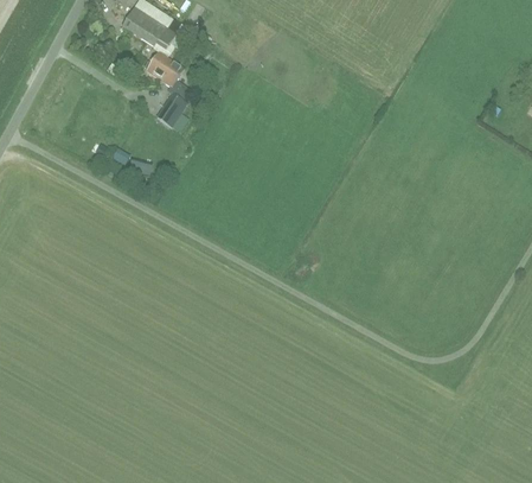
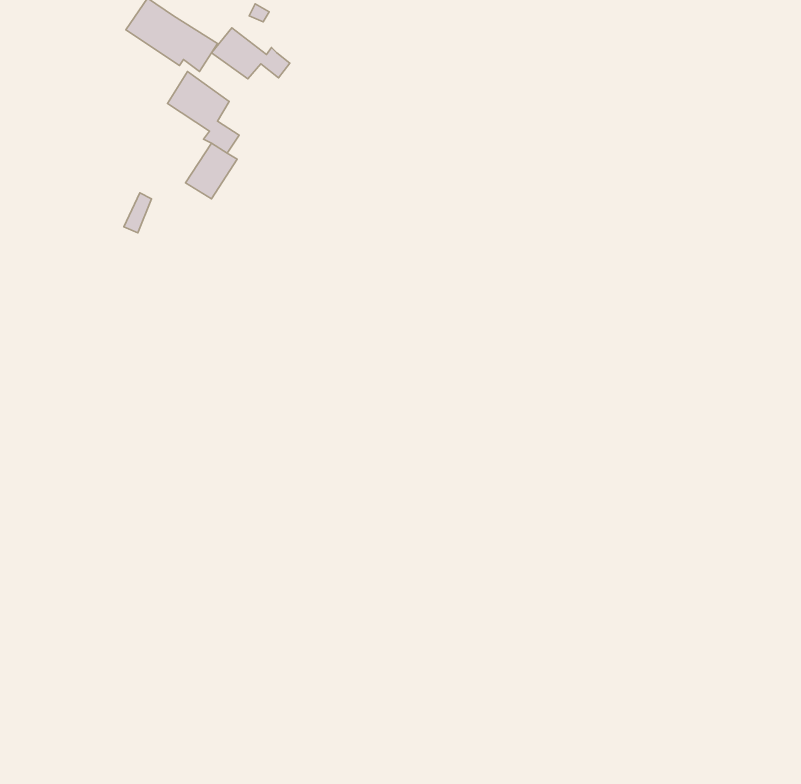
building: none -> [211,28,290,79]

